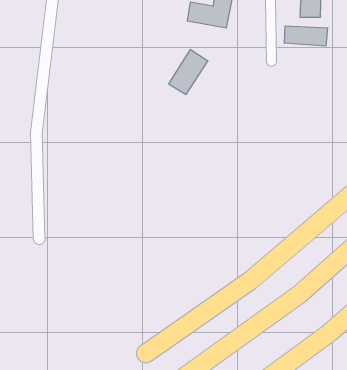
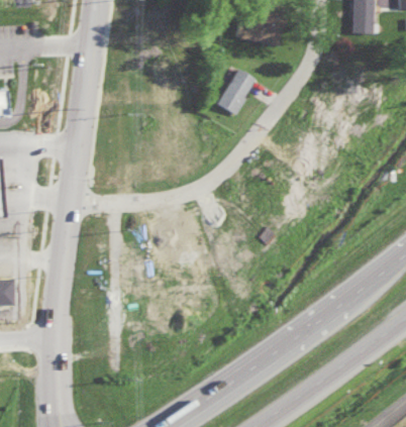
building: [285,26,328,46] -> none

